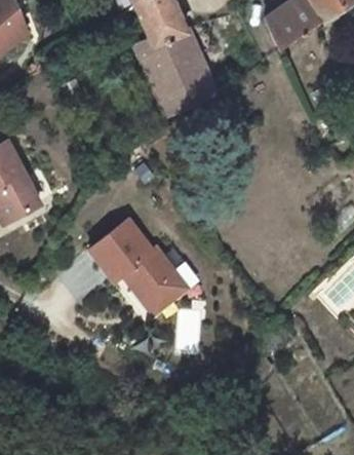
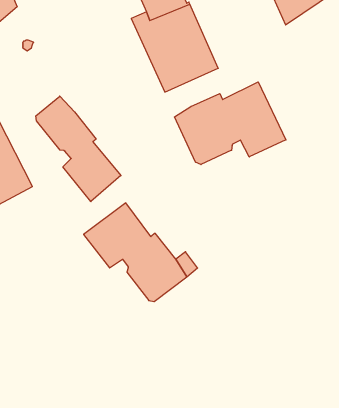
building: none -> [174,82,286,165]
building: none -> [36,96,121,202]

